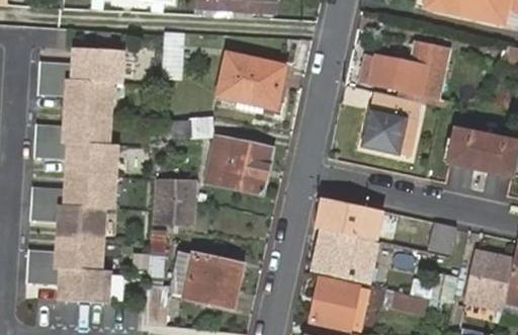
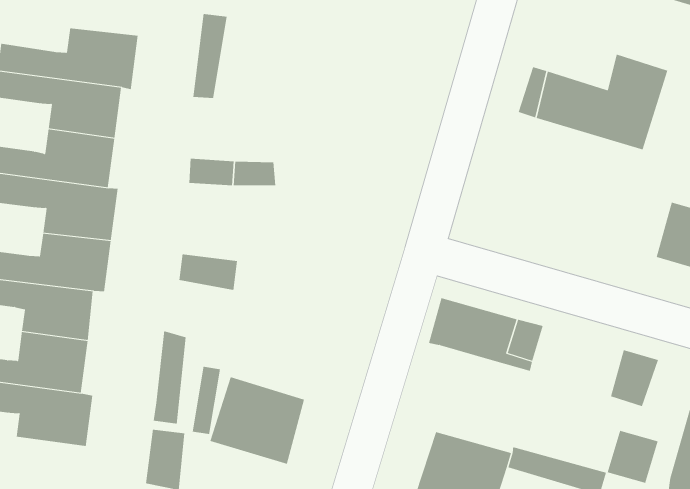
building: [218,54,283,109] -> none
building: [360,92,420,156] -> none
building: [206,138,271,193] -> none
building: [157,197,192,223] -> none
building: [312,227,376,279] -> none

